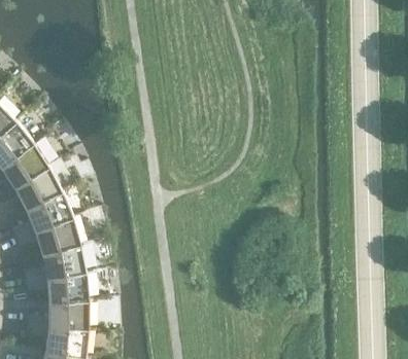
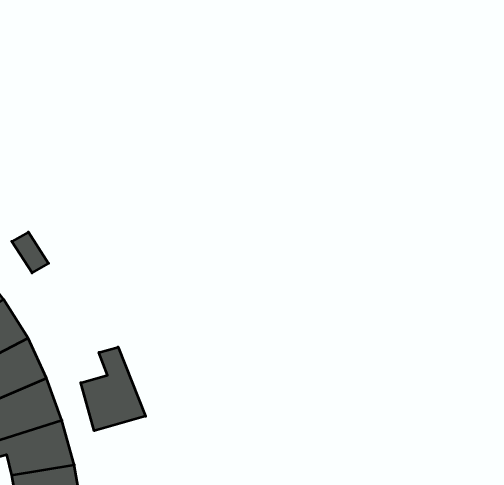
building: none -> [81,347,146,431]

